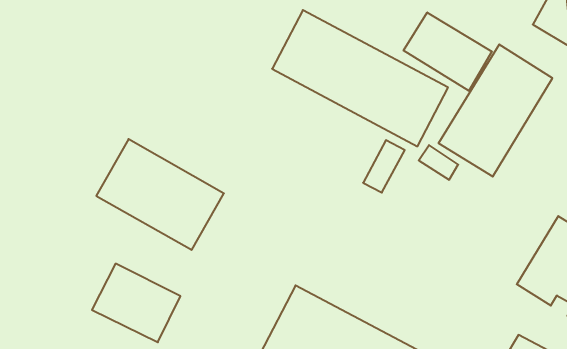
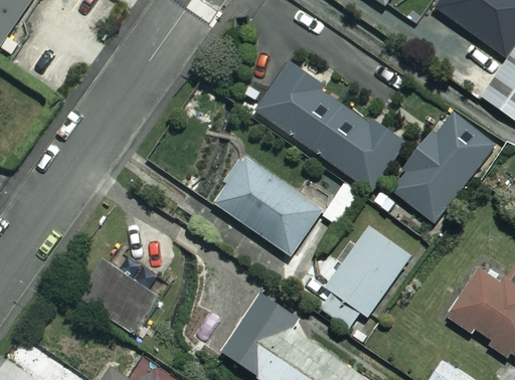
building: [404,12,492,91] -> none
building: [96,139,224,250] -> [214,156,323,255]
building: none -> [314,226,411,333]

